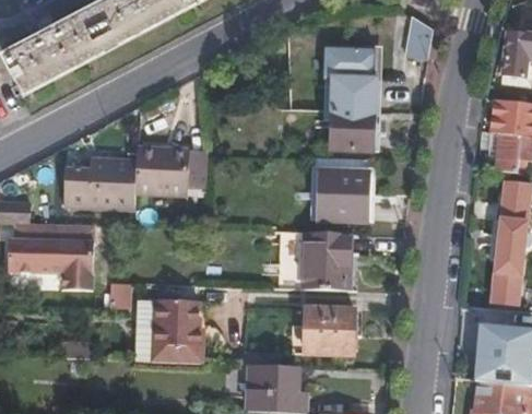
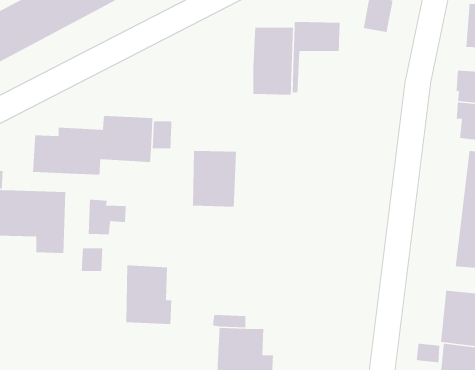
building: [331,82,374,153] -> [252,27,294,96]
building: [320,175,370,223] -> none
building: [305,233,351,292] -> [192,150,237,207]
building: none -> [88,199,127,235]
building: [306,308,356,353] -> none

